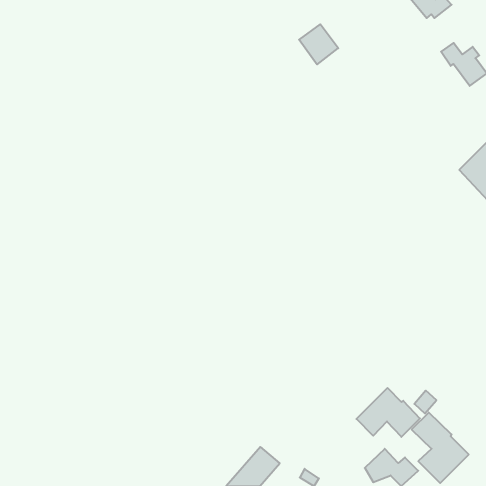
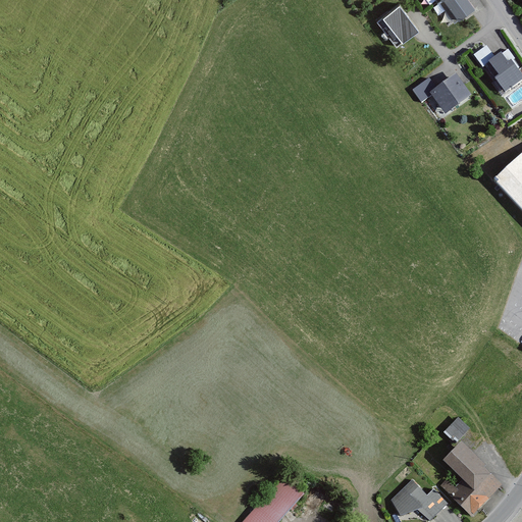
building: [299,24,338,64] -> [376,4,418,47]
building: none -> [412,74,470,113]
building: [356,388,420,437] -> none

